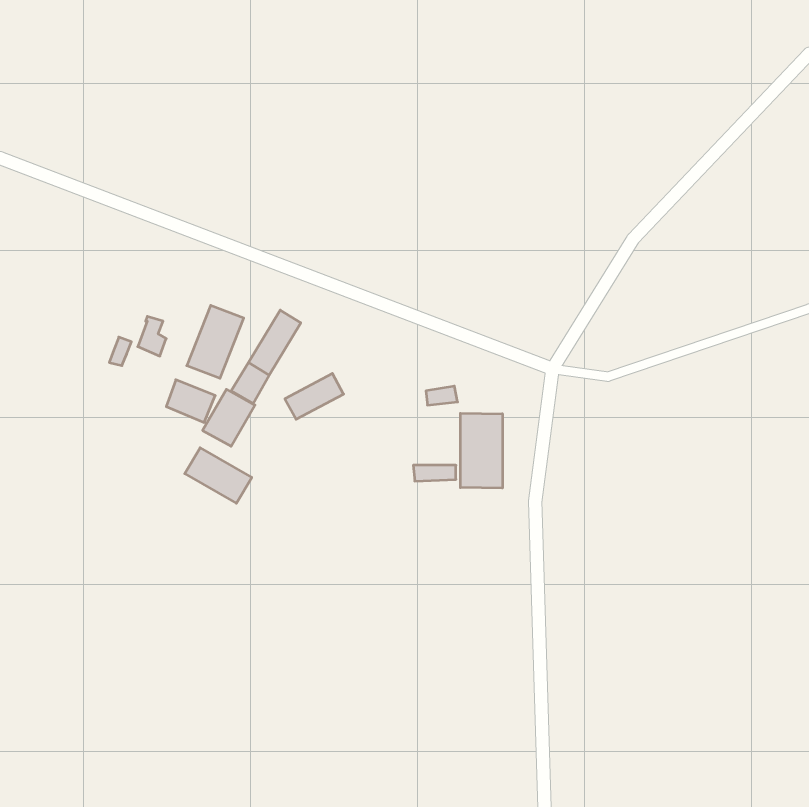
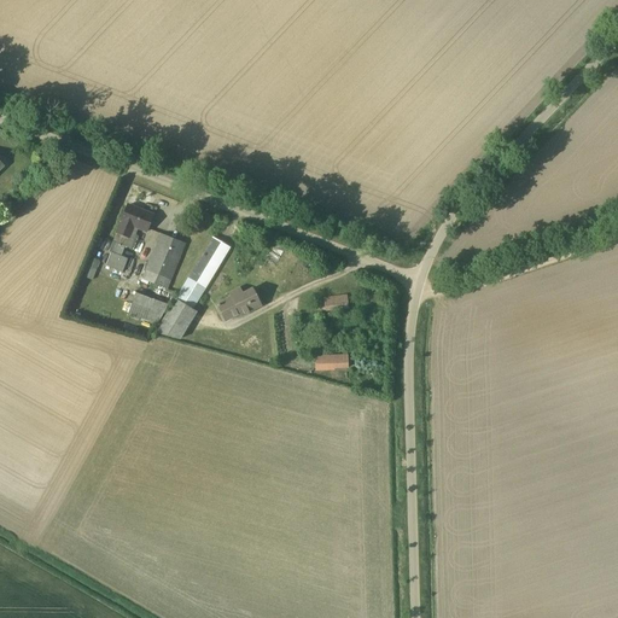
building: none -> [112,205,153,249]
building: [460,413,502,488] -> none
building: [185,448,252,503] -> none

